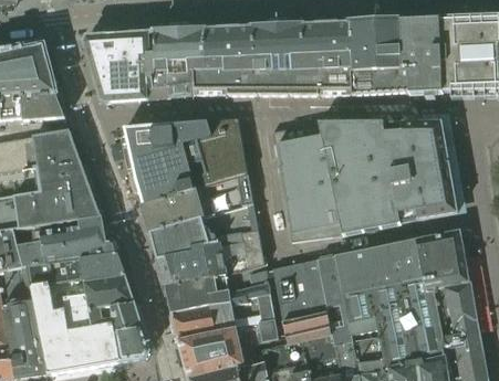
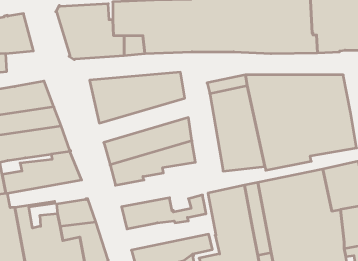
building: [22,91,65,120] -> none
building: [138,149,249,204] -> none
building: [158,229,264,284] -> none
building: [24,251,124,285] -> none
building: [173,293,274,338] -> none

